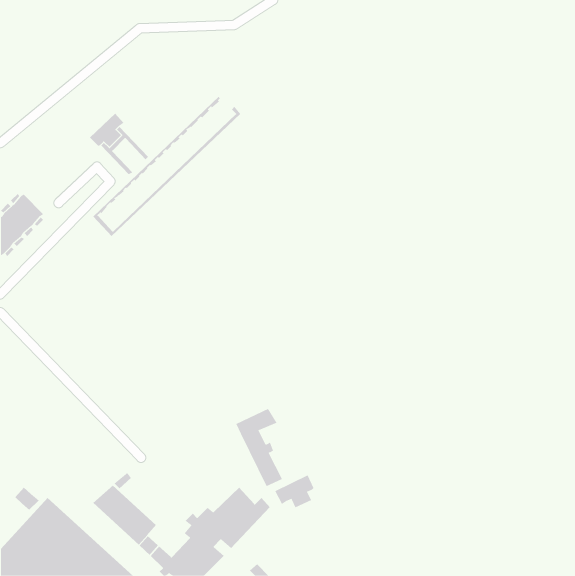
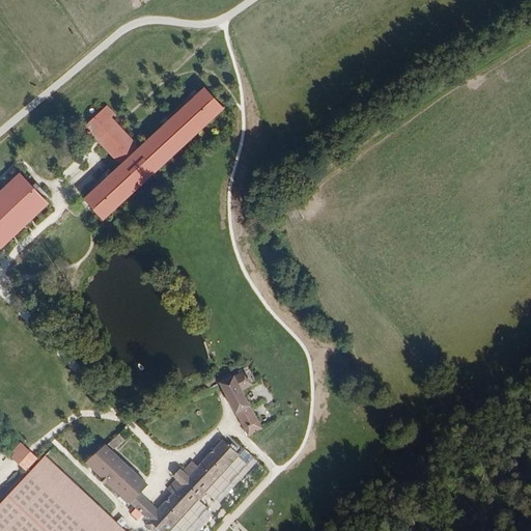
building: none -> [91,90,218,213]
building: none -> [105,128,135,159]
building: [275,475,314,508] -> none

